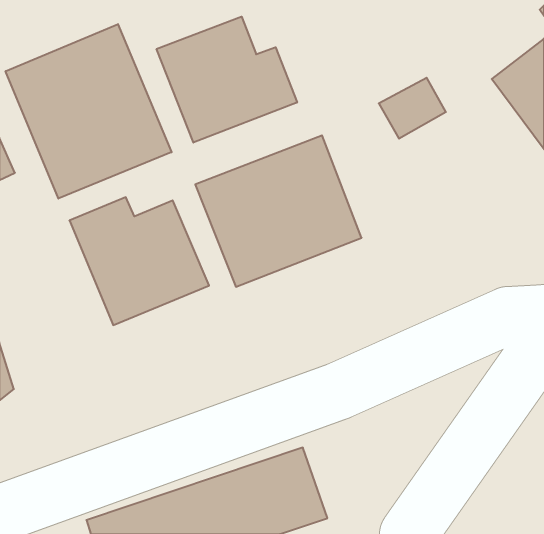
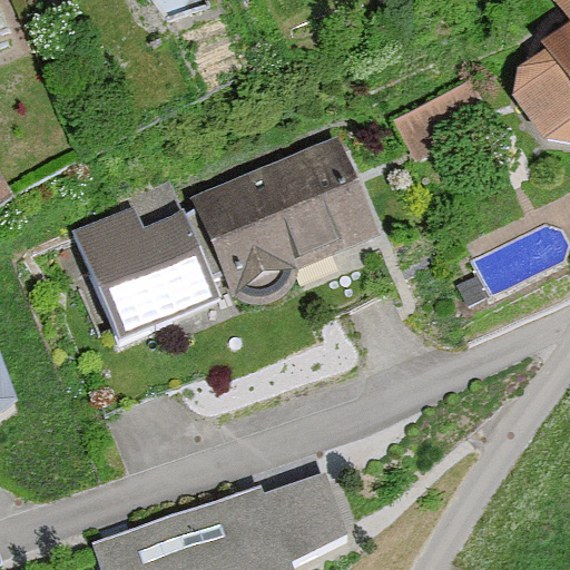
building: [157,17,297,143] -> none
building: [6,24,172,199] -> none

